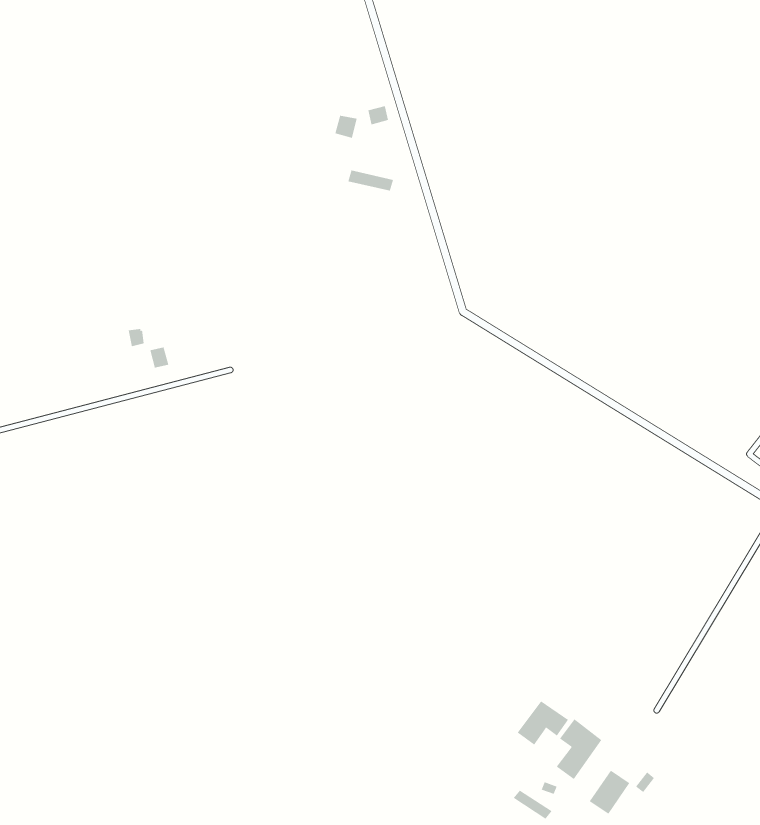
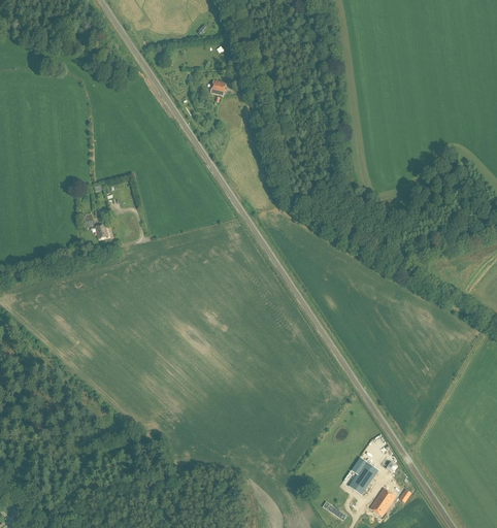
building: [517,700,569,745] -> none

